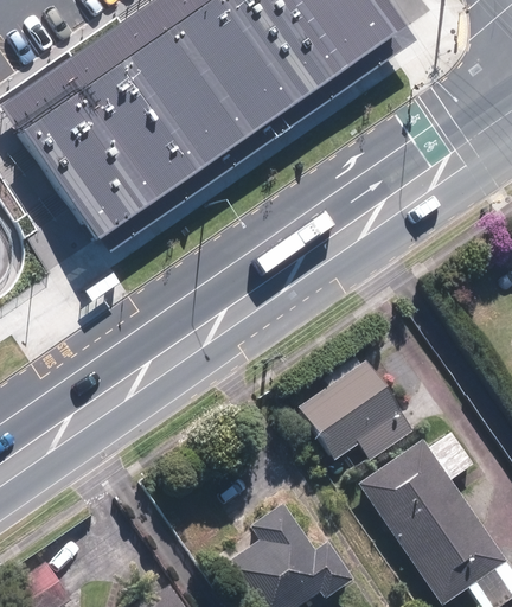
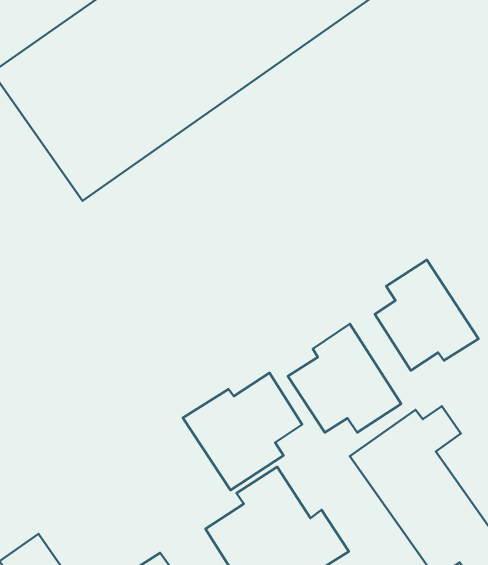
building: none -> [375,260,479,371]
building: none -> [183,373,302,490]

